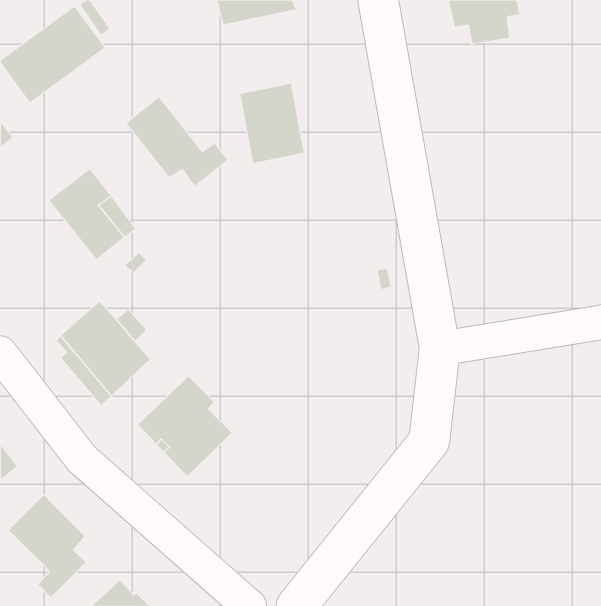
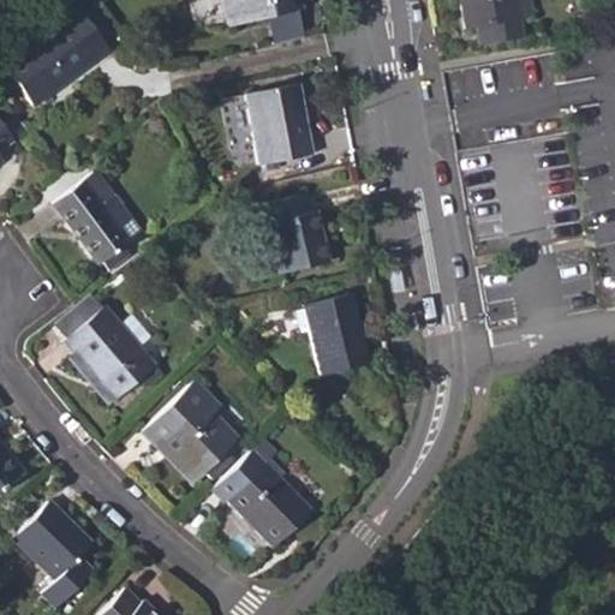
building: [126,97,228,186] -> none
building: none -> [263,193,330,275]
building: none -> [305,293,369,375]
building: none -> [215,441,314,547]

